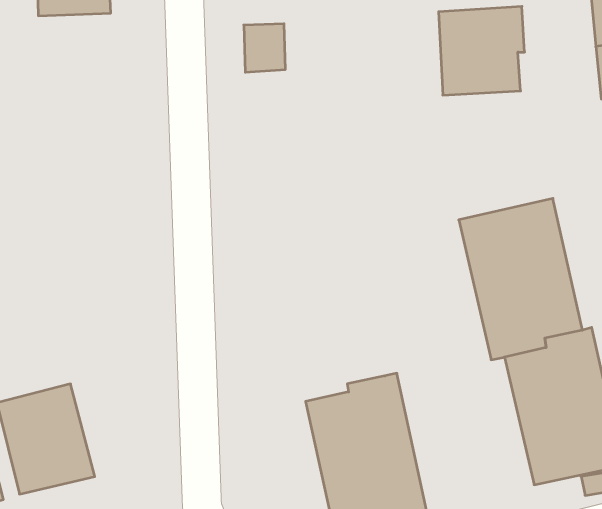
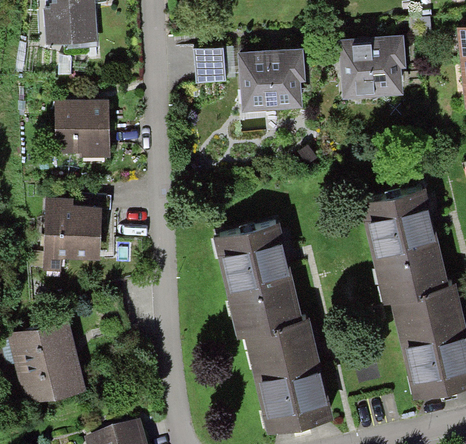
building: none -> [237,51,304,112]
building: none -> [52,100,109,158]
building: none -> [39,201,101,268]
building: none -> [213,215,301,330]

